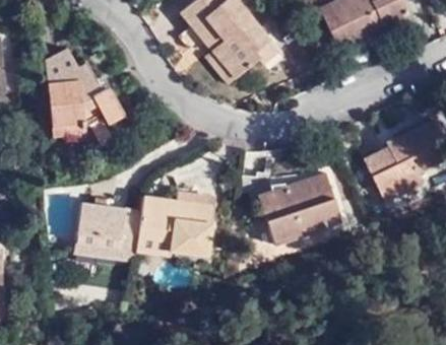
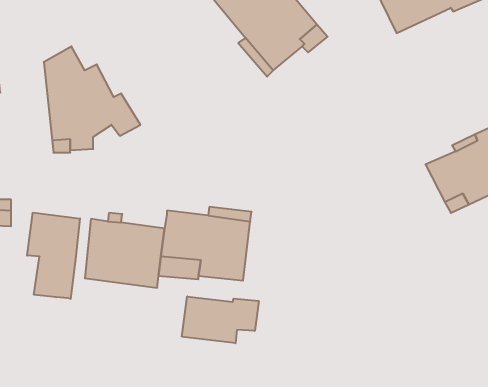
building: [260,171,345,244] -> none
building: none -> [27,213,80,299]
building: none -> [182,296,259,343]

